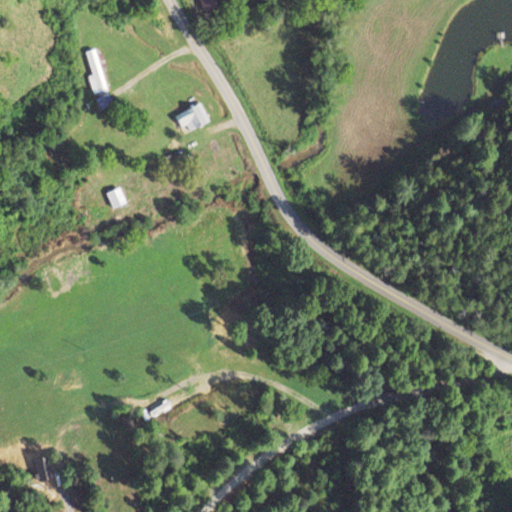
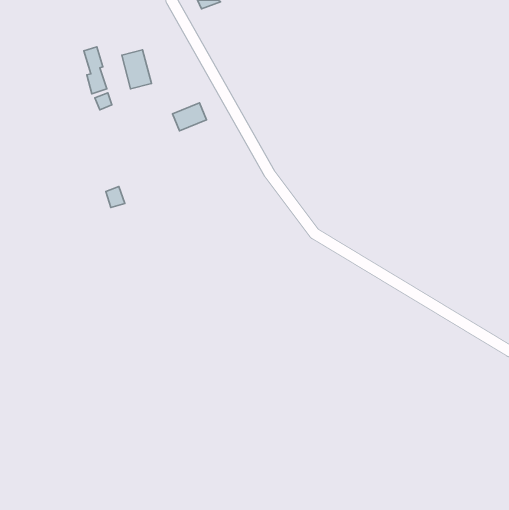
building: none -> [122,50,152,89]

